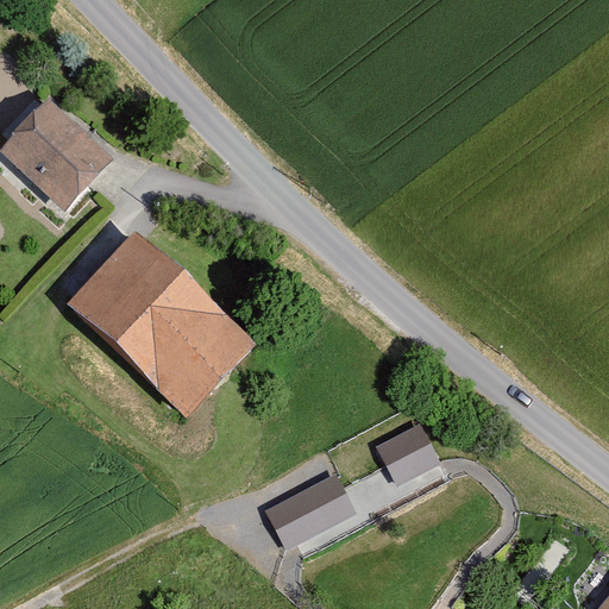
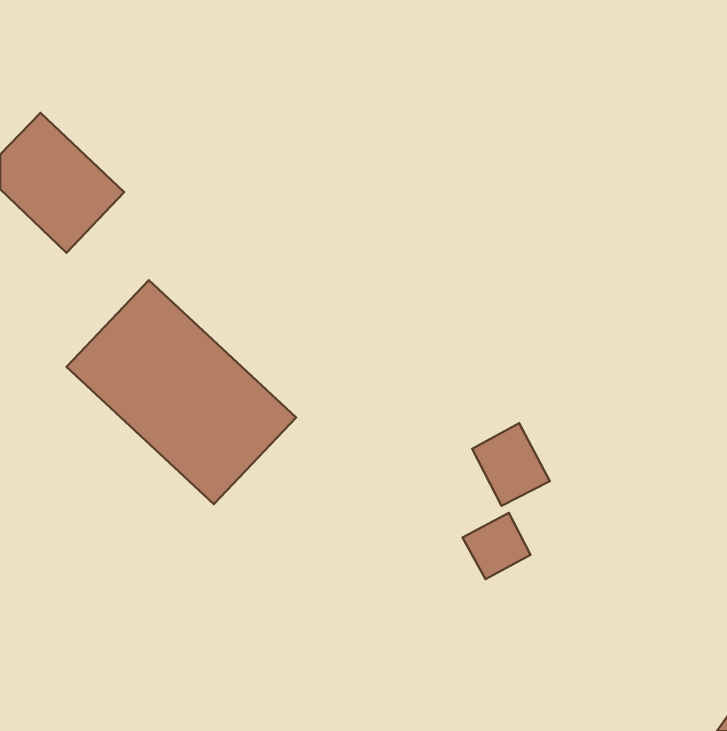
building: none -> [472,423,550,506]
building: [278,472,362,541] -> none

